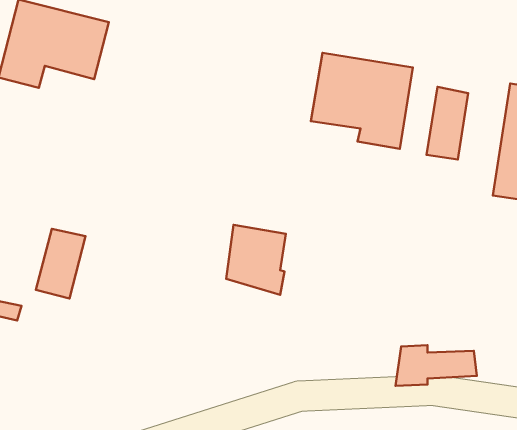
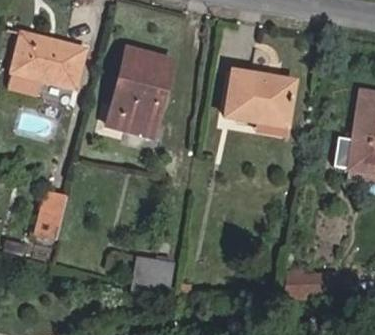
building: none -> [107,46,173,136]
building: [427,87,468,160] -> none
building: [226,225,286,295] -> [132,256,173,304]

